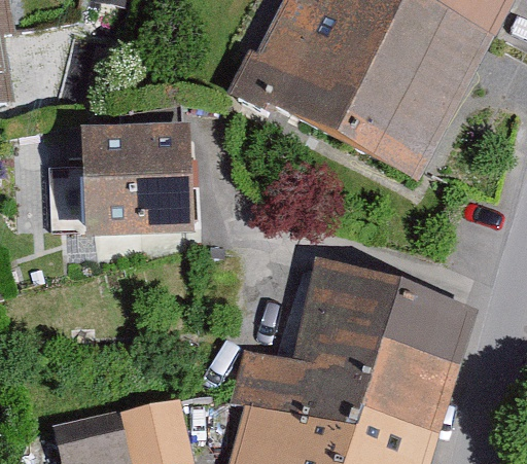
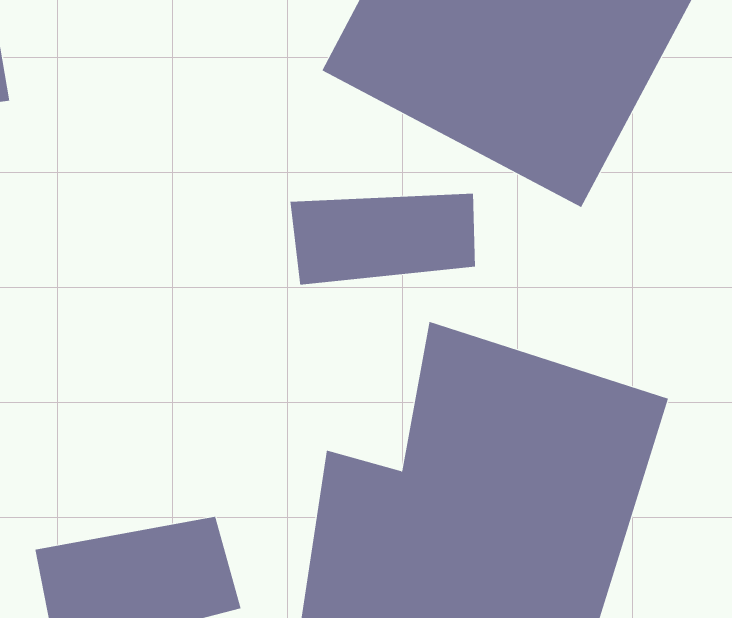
building: [82,126,203,242] -> none
building: none -> [290,193,475,286]

